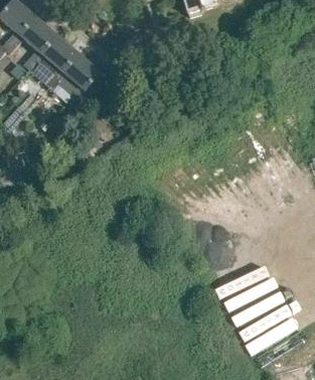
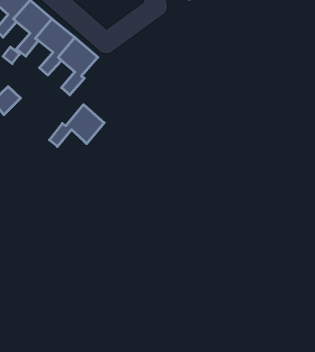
building: none -> [49,105,104,147]

